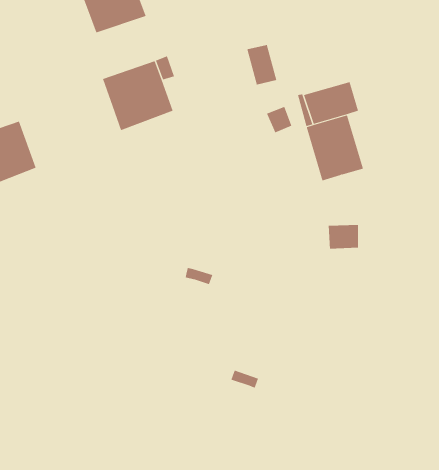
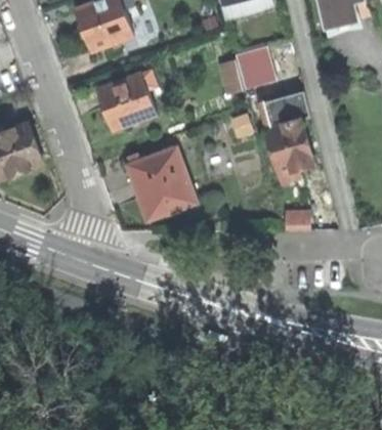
building: none -> [235,46,274,89]
building: none -> [127,147,195,220]

